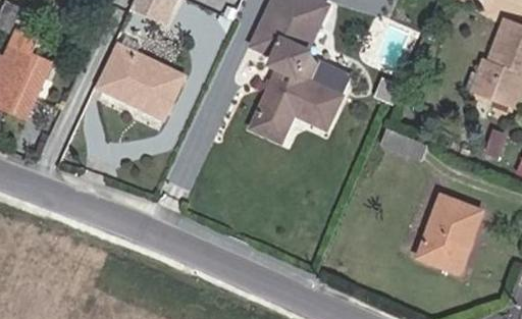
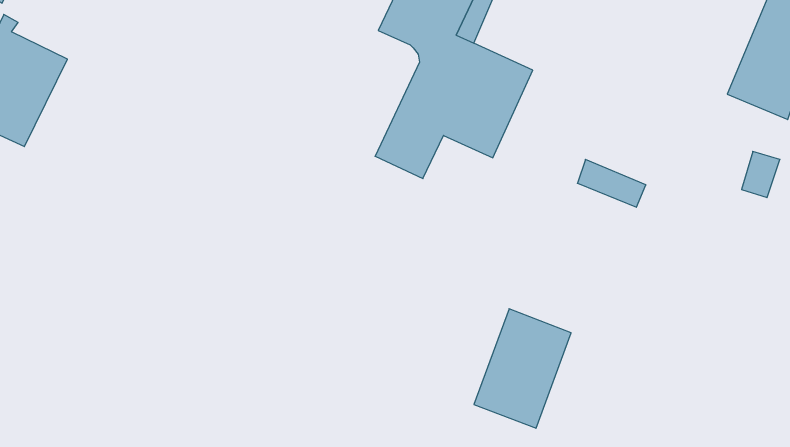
building: [98,46,180,118] -> none
building: [417,196,479,272] -> [474,309,571,428]

